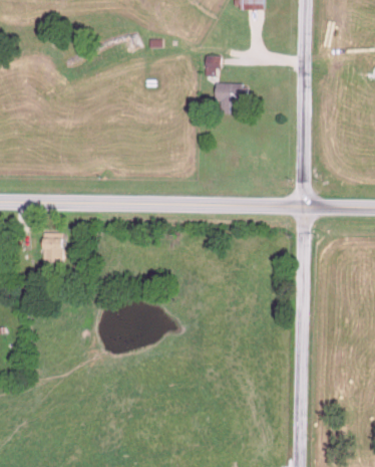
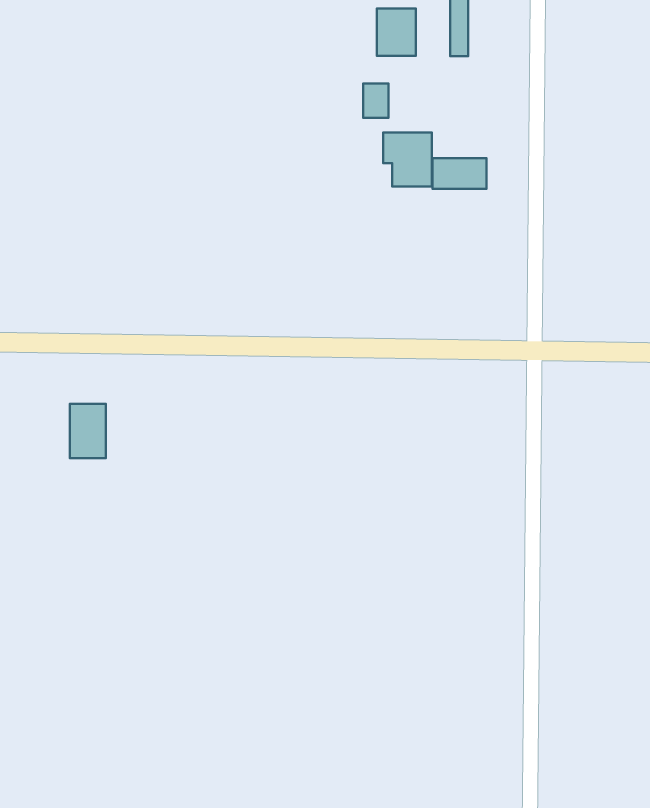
building: none -> [377,8,416,56]
building: none -> [433,158,486,189]

